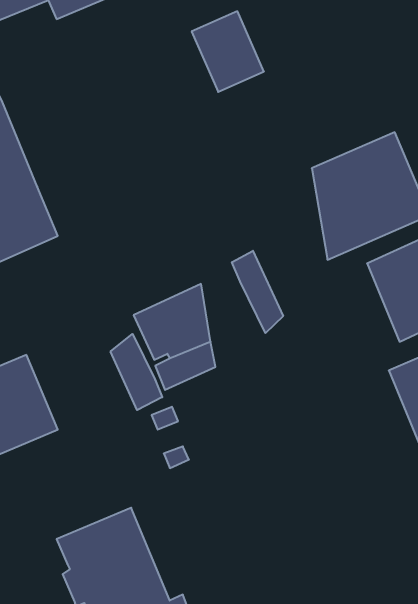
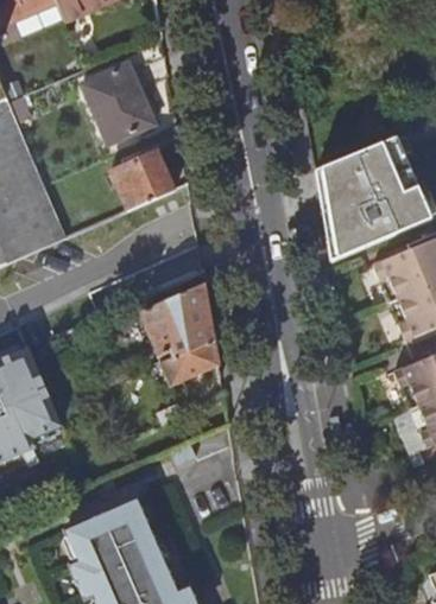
building: [192,11,264,92] -> [82,65,153,145]
building: none -> [107,144,176,206]
building: [232,251,283,333] -> none
building: [111,334,162,410] -> none

